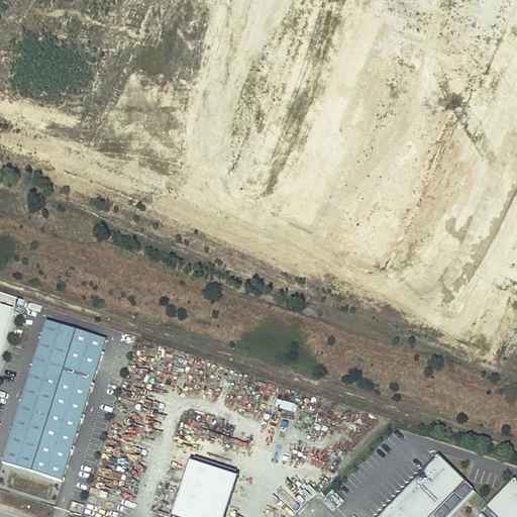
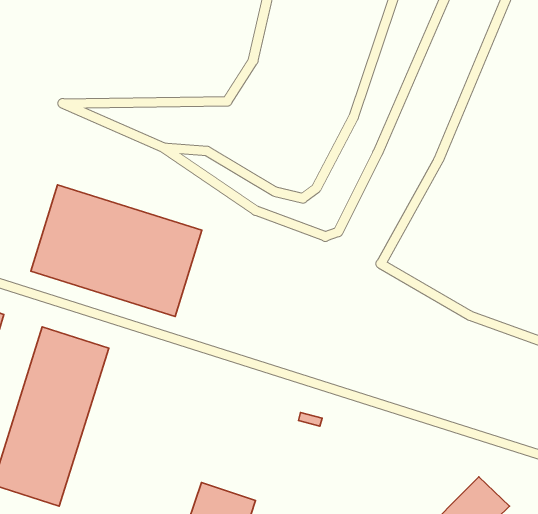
building: none -> [31,185,202,316]

